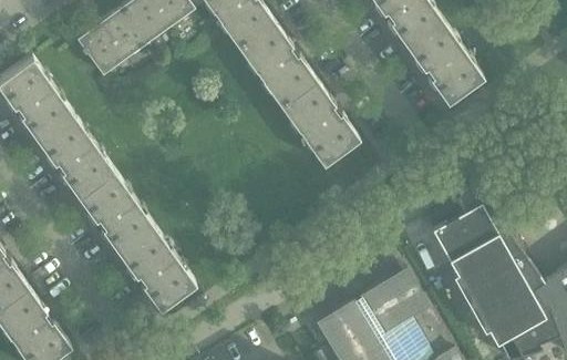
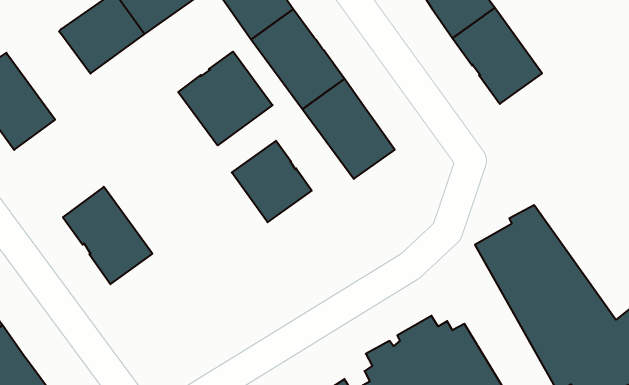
building: none -> [178,52,273,145]
building: [39,116,114,198] -> none
building: none -> [232,141,312,222]
building: [120,229,195,310] -> none

